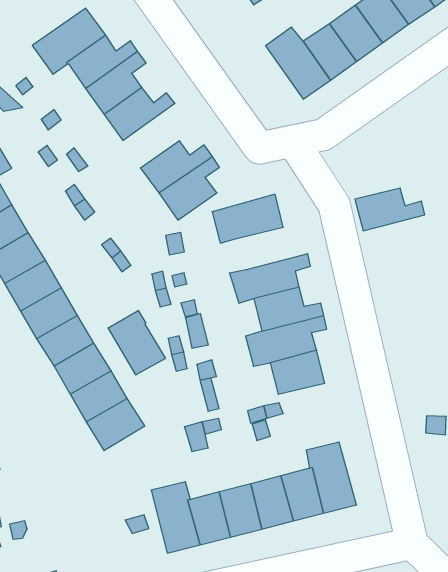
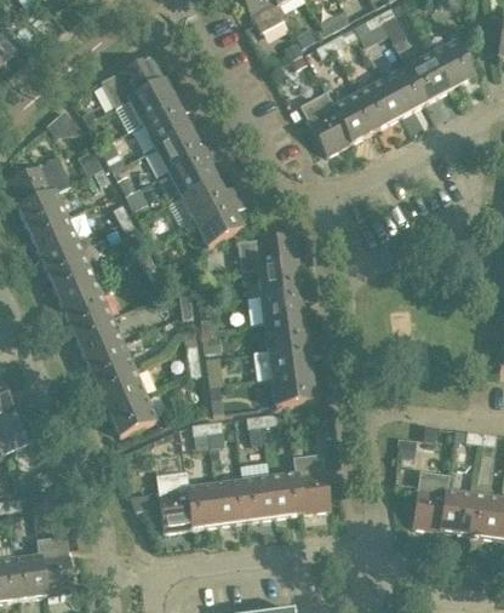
building: none -> [168,145,222,197]
building: [355,188,425,231] -> [257,263,315,296]
building: [108,310,165,375] -> none

